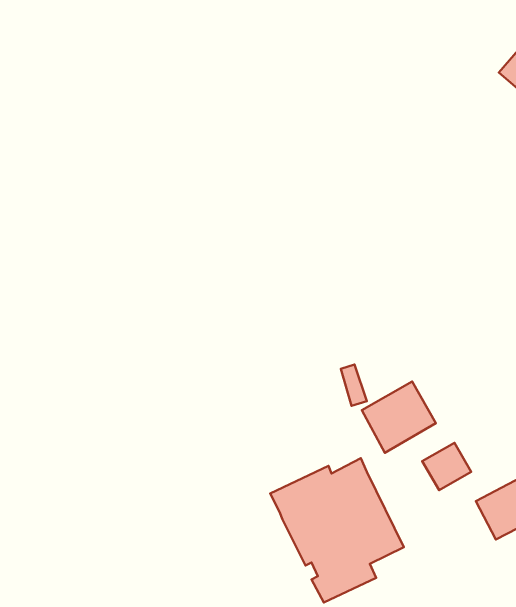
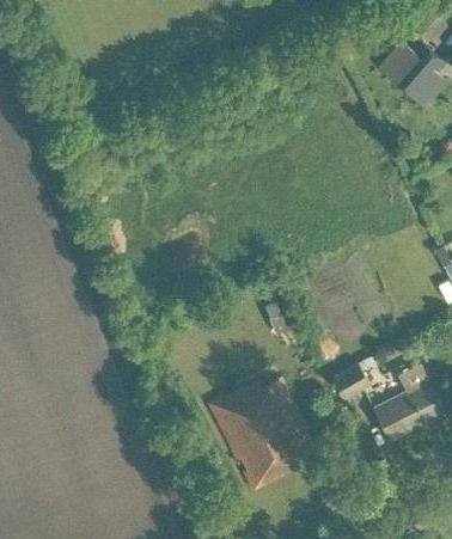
building: [362,381,436,453] -> none

